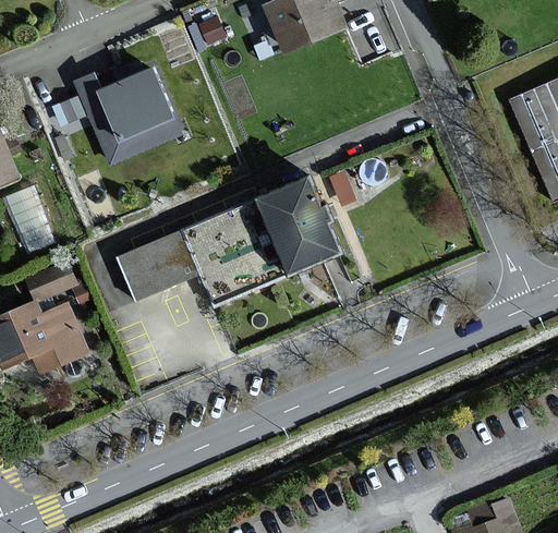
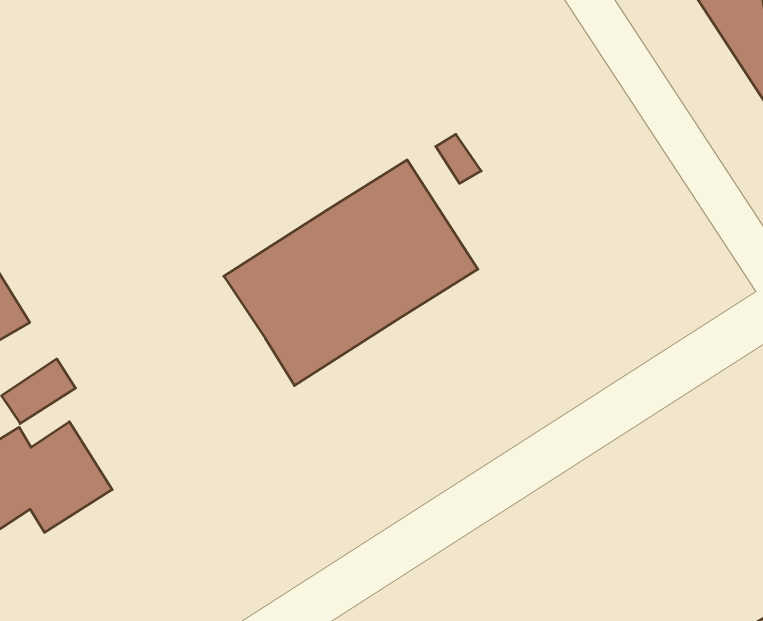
building: [61,68,179,163] -> none
building: [119,229,201,300] -> none

